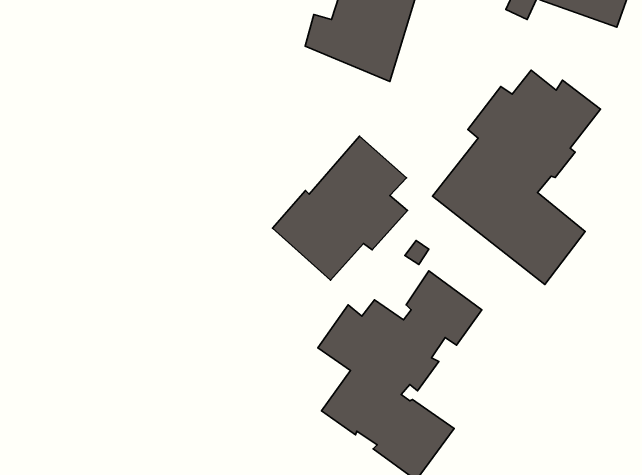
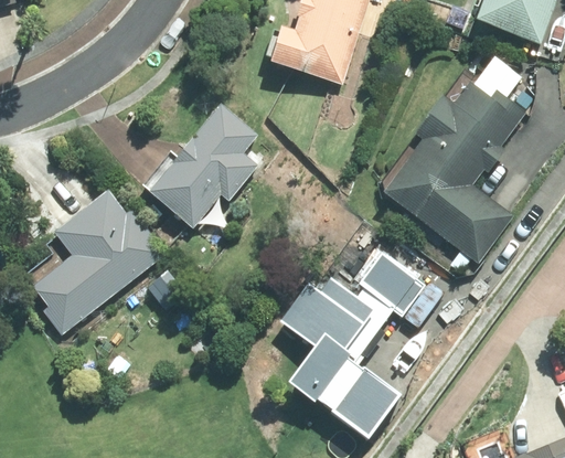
building: [273,136,408,280] -> [141,102,259,227]
building: none -> [31,189,167,337]

